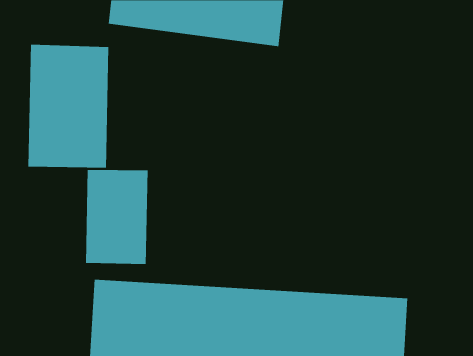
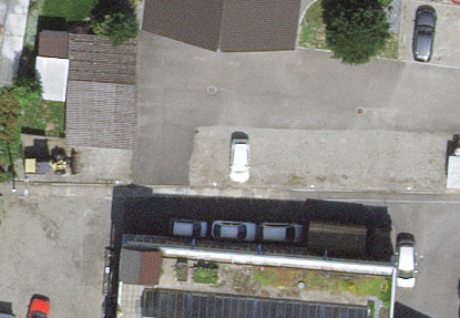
building: [85,169,148,265] -> none

